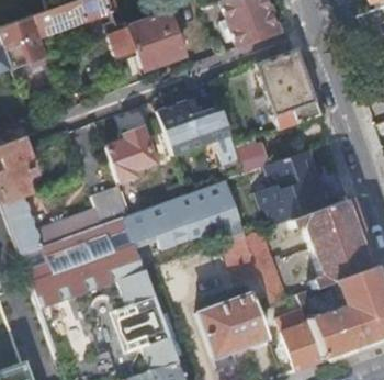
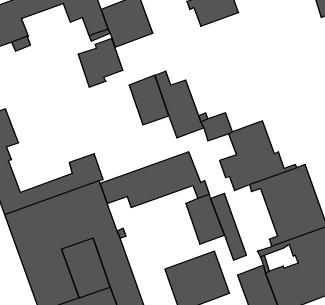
building: [255,46,320,126] -> none
building: [104,126,154,180] -> [78,38,123,87]

